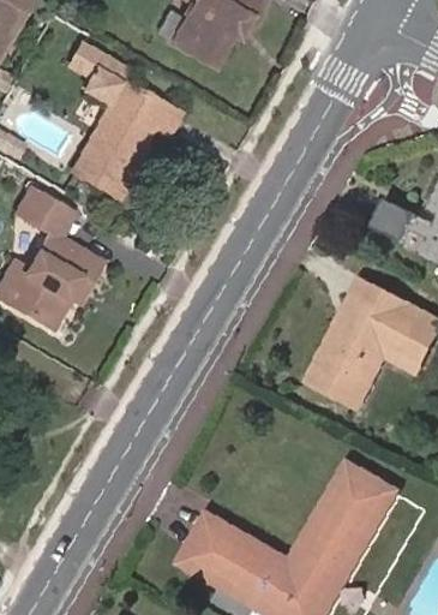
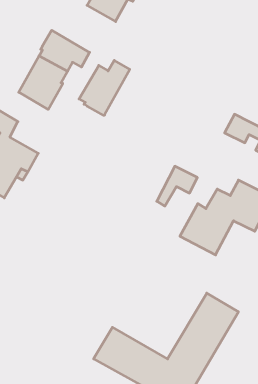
building: [72,42,126,101] -> none
building: none -> [79,60,130,115]
building: [335,282,395,341] -> [157,166,197,206]

